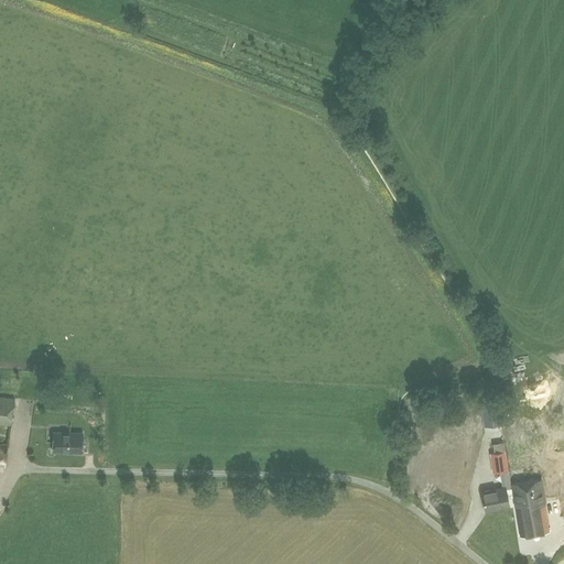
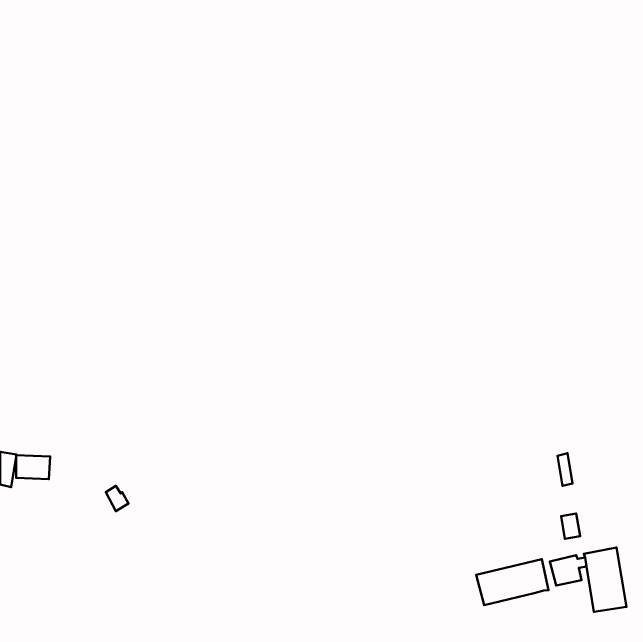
building: [53,433,83,454] -> [16,455,50,479]
building: none -> [476,559,548,605]

